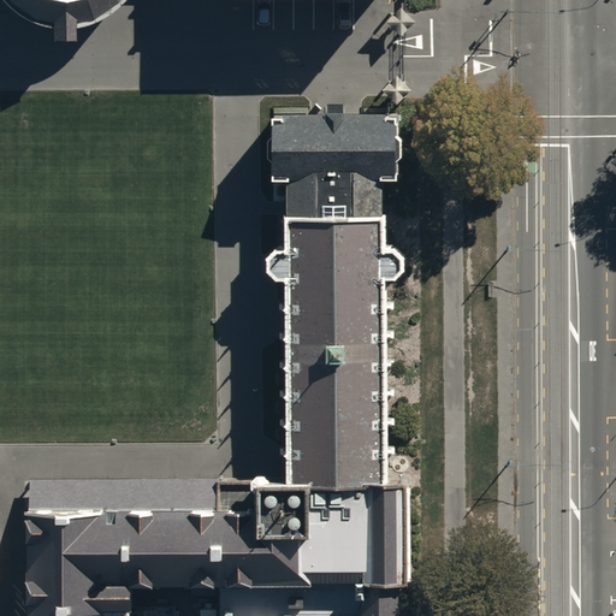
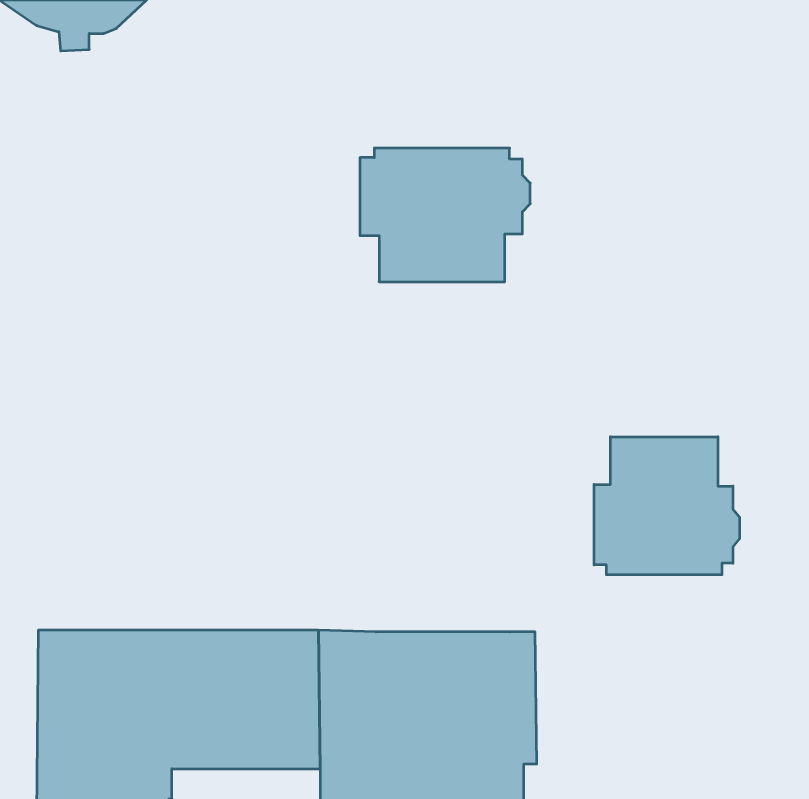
building: [267,224,402,488] -> none
building: none -> [594,437,740,575]

